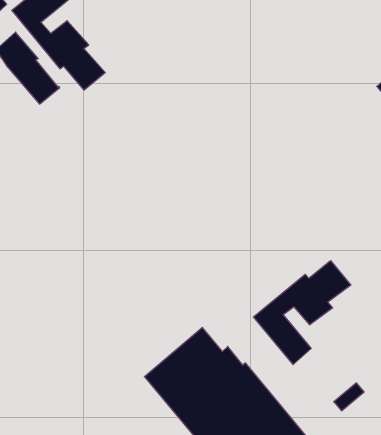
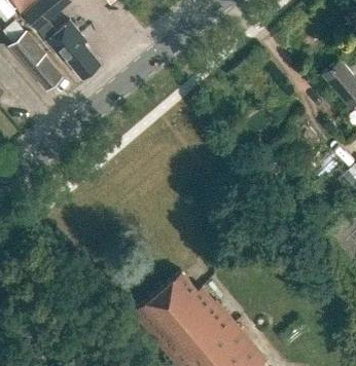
building: [253,261,351,365] -> none

